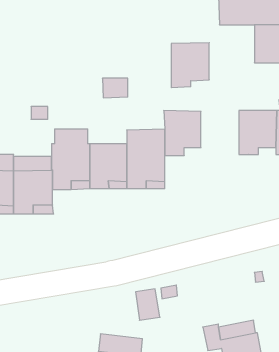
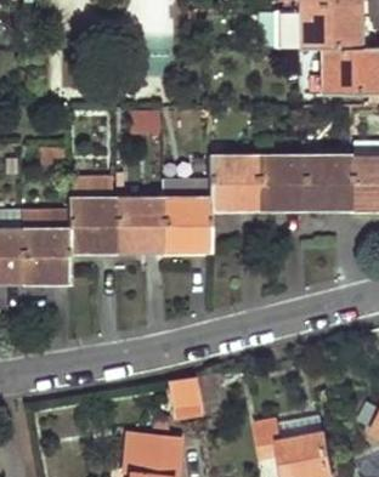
building: [171,43,209,88] -> [253,155,300,211]

